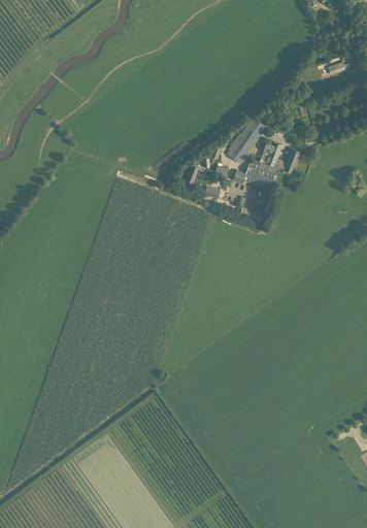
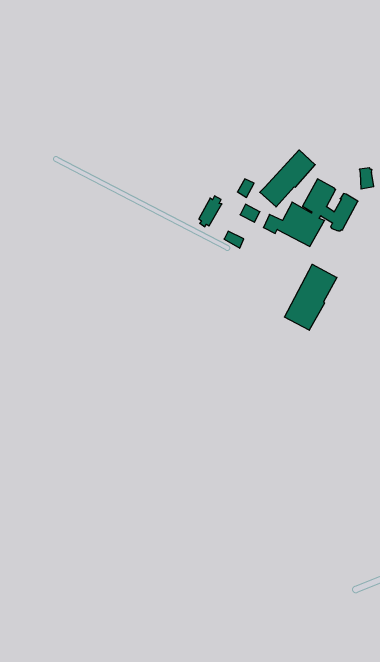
building: none -> [284,264,337,330]

